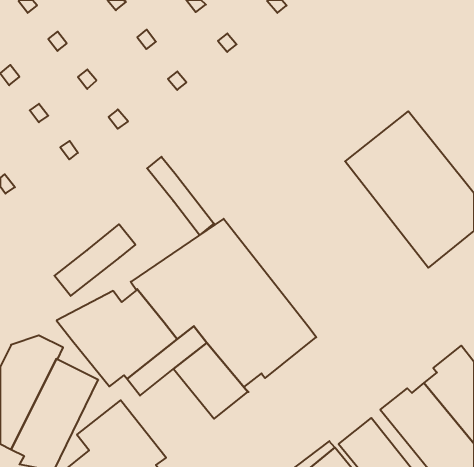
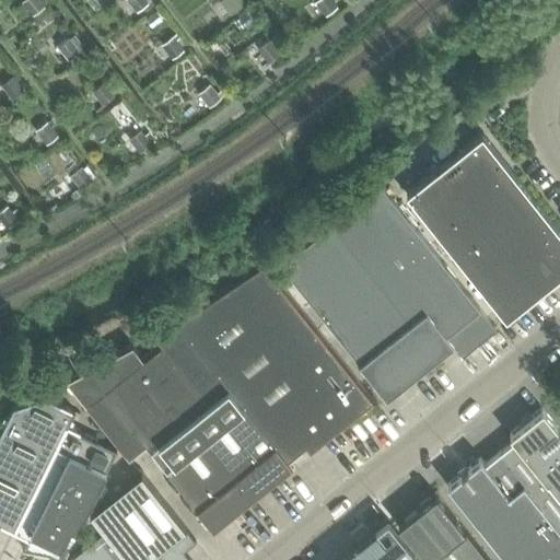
building: none -> [281,190,497,402]
building: [147,157,214,235] -> none
building: [54,224,135,296] -> none
building: none -> [165,443,253,534]

